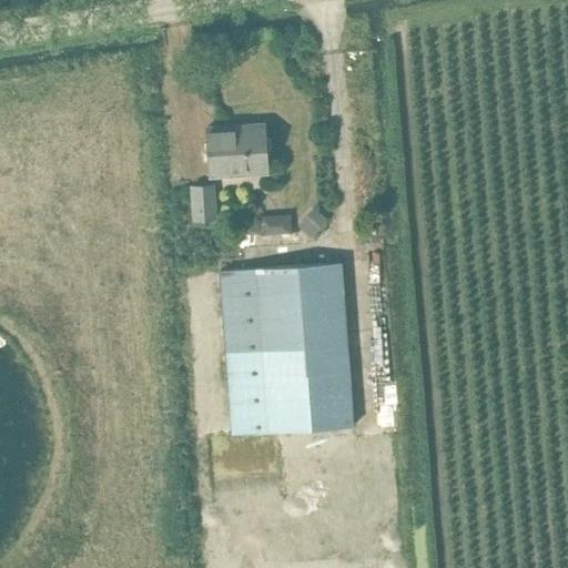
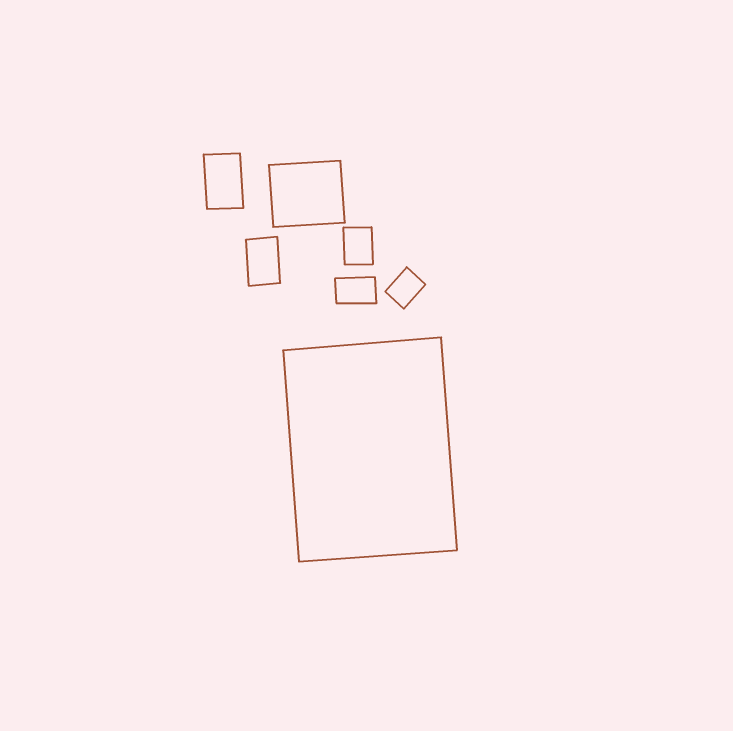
building: none -> [204,153,243,209]
building: none -> [344,227,373,265]

